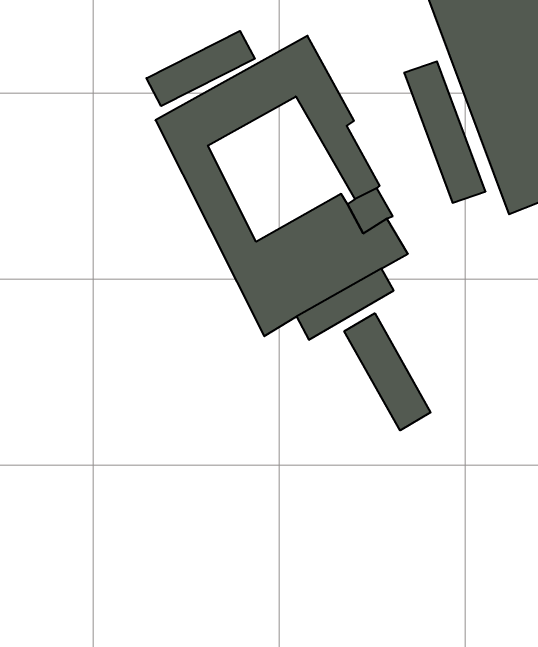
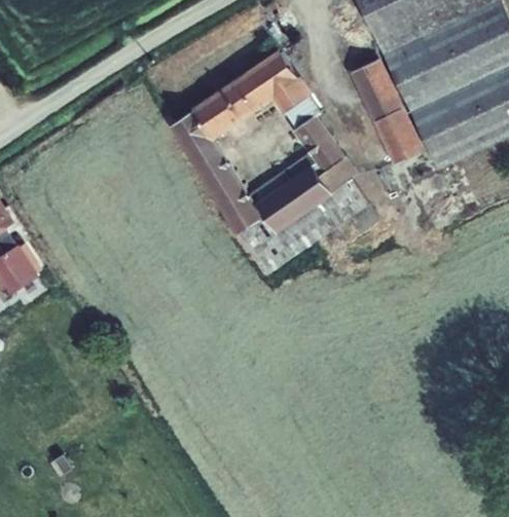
building: [146,31,255,106] -> none
building: [344,313,431,430] -> none

